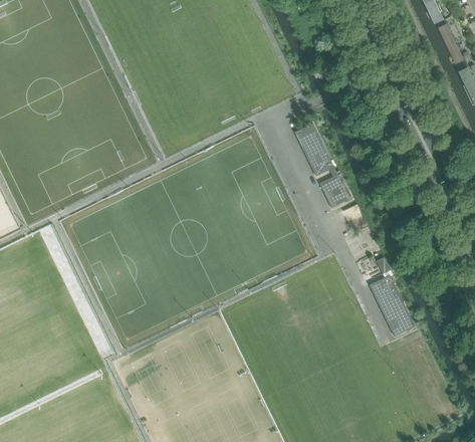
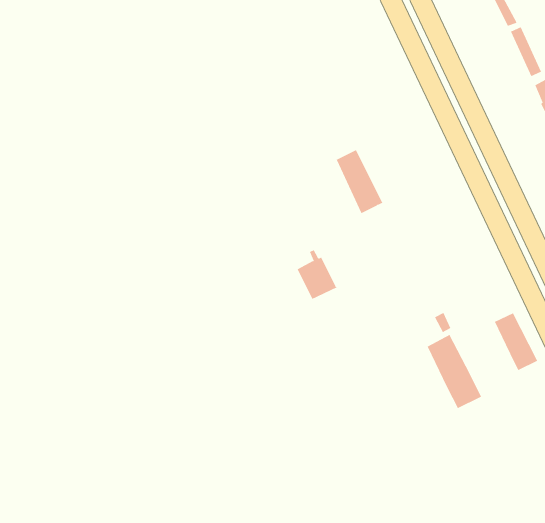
building: [319,168,352,209] -> [297,250,337,300]
building: none -> [494,313,538,371]

